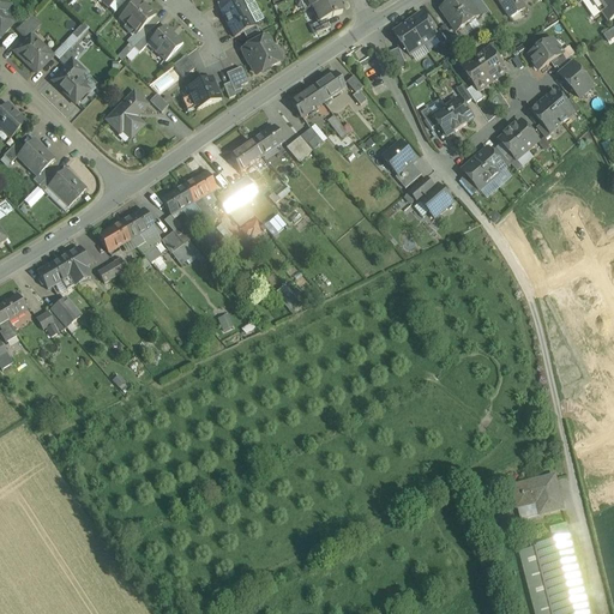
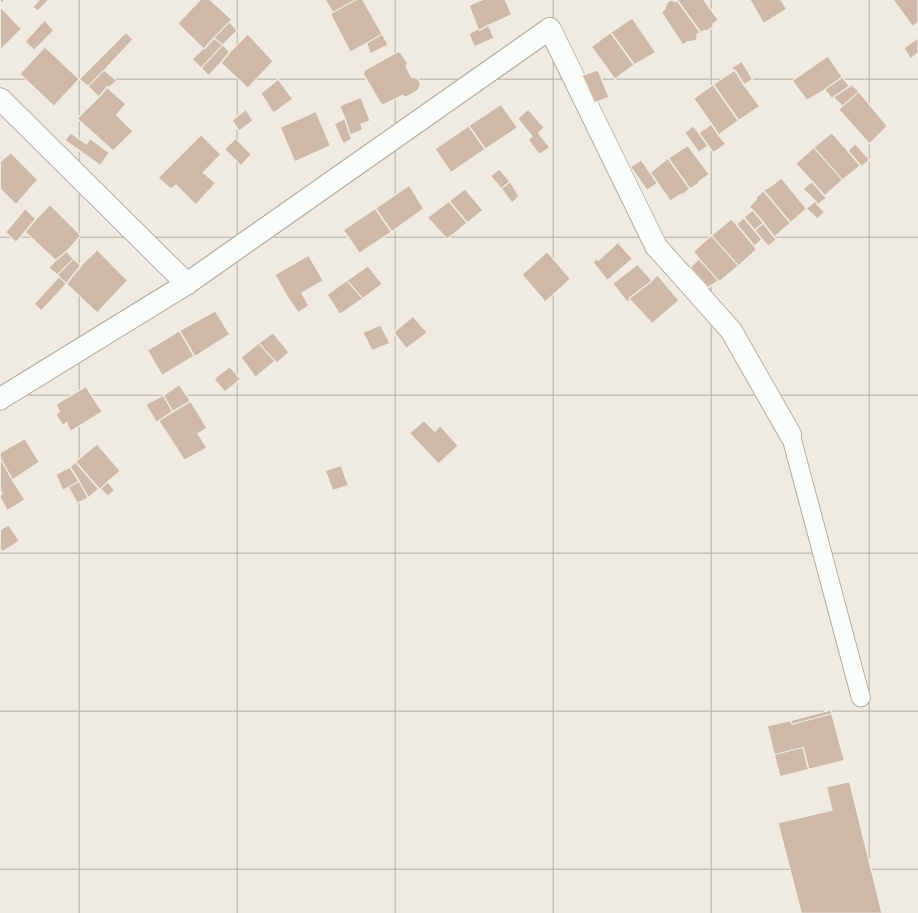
building: [384,140,416,174] -> [522,252,570,302]
building: [161,183,193,213] -> none
building: [58,245,90,284] -> [159,401,207,460]

